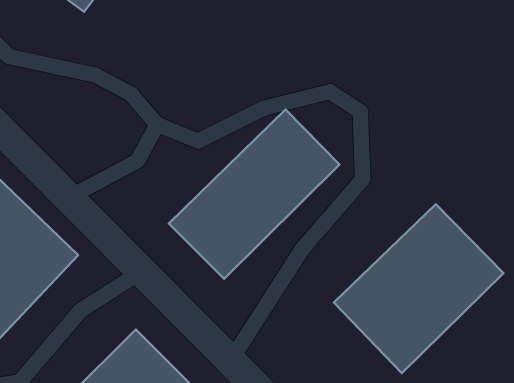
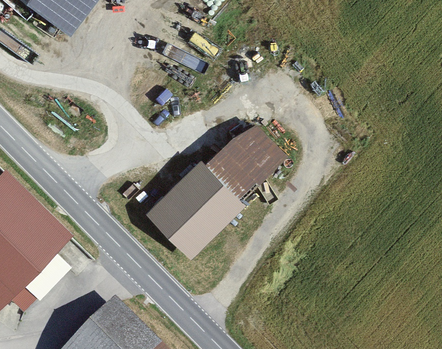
building: [334,204,504,373] -> none

